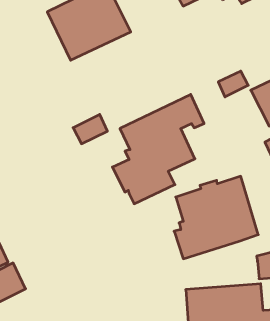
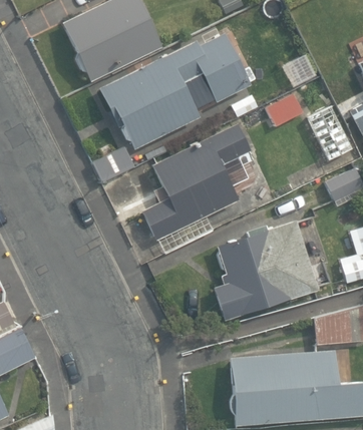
building: none -> [99,33,251,148]

